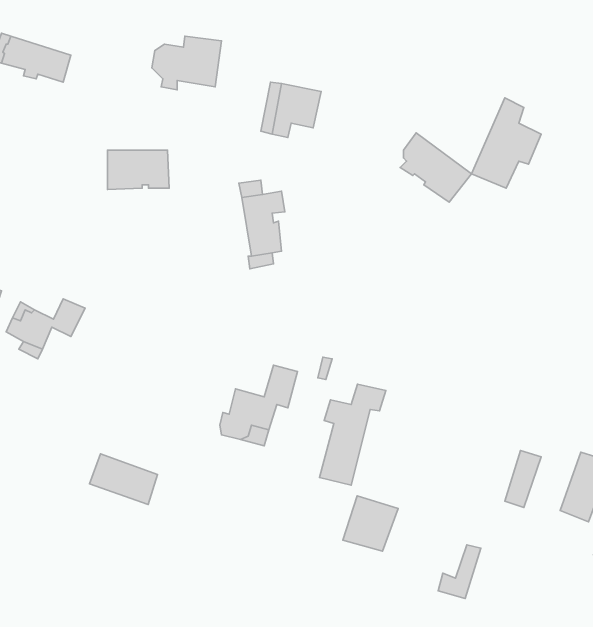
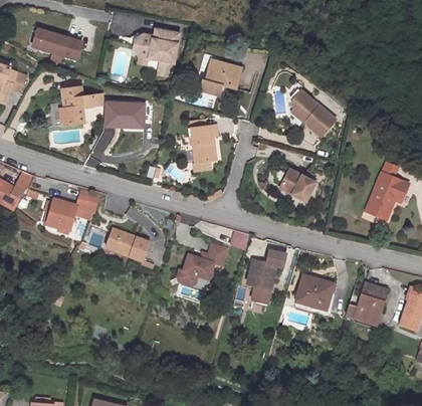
building: [471,98,541,188] -> [362,168,406,225]
building: none -> [56,86,103,124]
building: none -> [280,170,315,201]
building: [90,454,158,504] -> [99,230,143,262]
building: [343,496,398,551] -> [292,278,328,314]
building: [438,545,481,599] -> [343,289,370,324]

